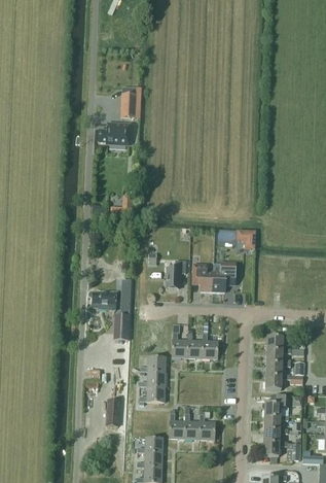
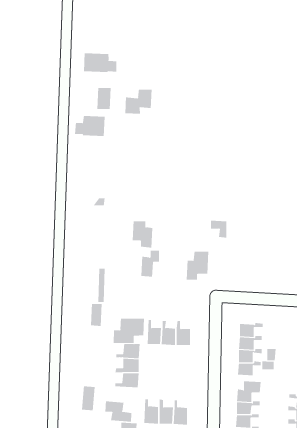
building: none -> [83,52,117,73]
building: none -> [125,89,152,114]
building: [191,263,213,290] -> [132,221,153,248]
building: [92,289,116,308] -> none
building: none -> [113,318,144,344]
building: none -> [105,400,132,423]

